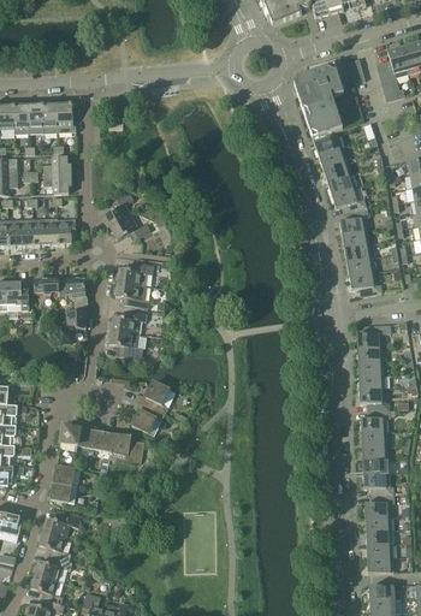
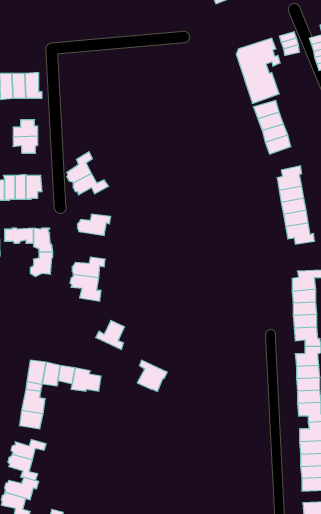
building: [331,185,366,212] -> none
building: [113,280,148,307] -> none
building: [131,399,165,434] -> [137,360,167,391]

